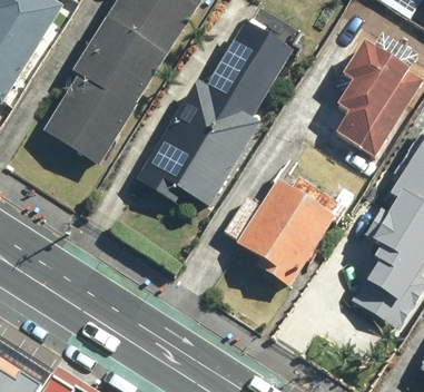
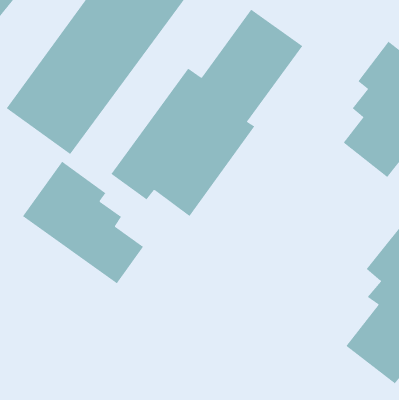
building: none -> [22,161,144,284]
building: [223,173,342,288] -> none

